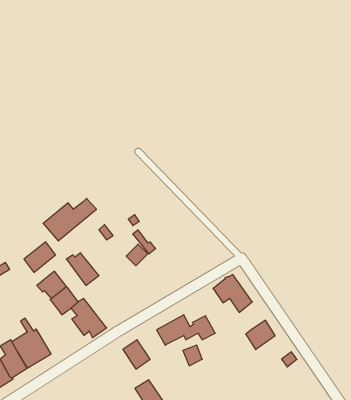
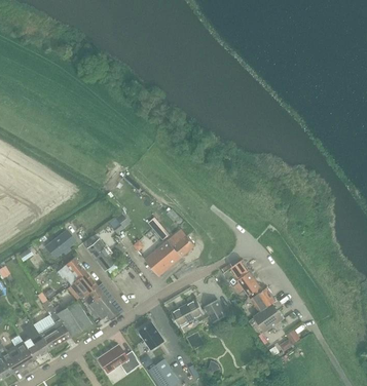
building: [43,198,96,241] -> [144,235,194,275]
building: none -> [248,285,273,312]
building: none -> [57,299,91,335]
building: none -> [97,344,139,372]

